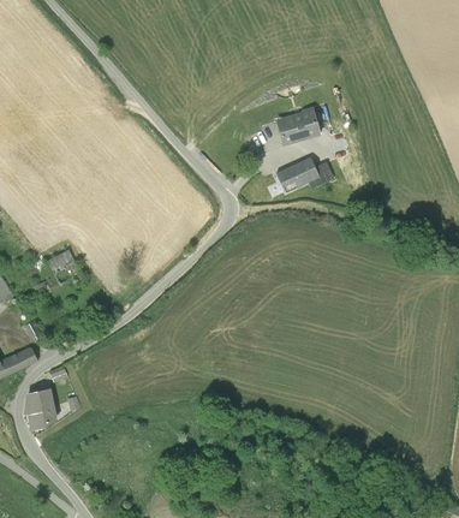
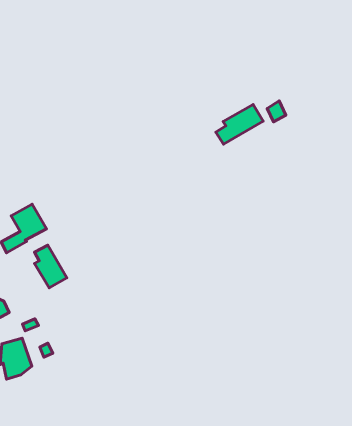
building: [275,108,321,145] -> none
building: none -> [34,245,67,288]

